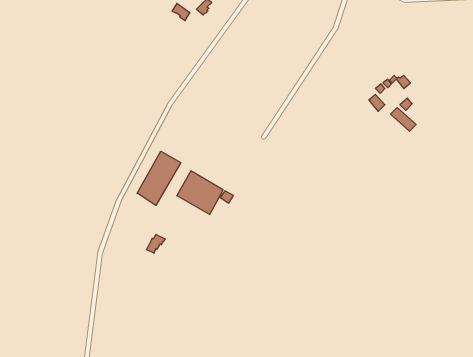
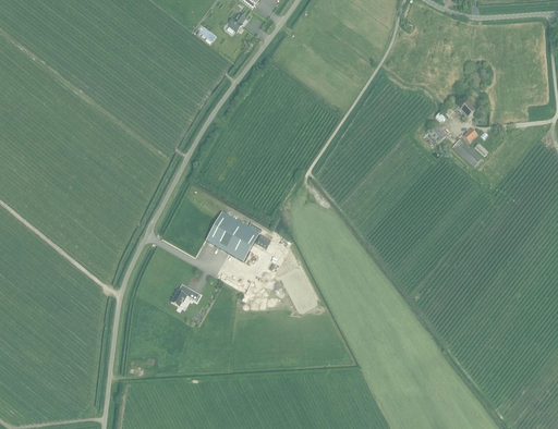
building: [137,151,181,205] -> none

